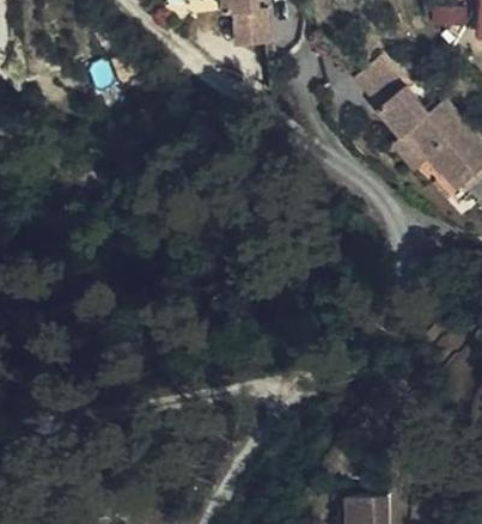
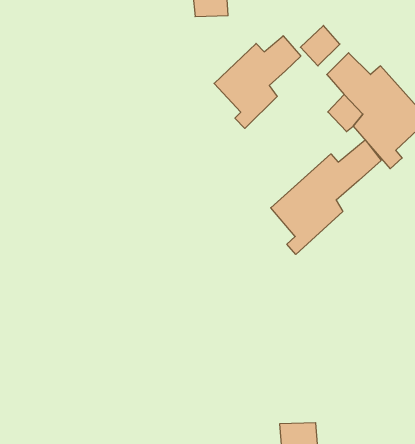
building: none -> [214,36,301,128]
building: none -> [271,140,381,254]

